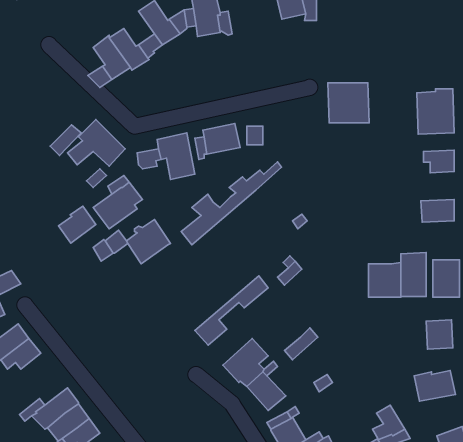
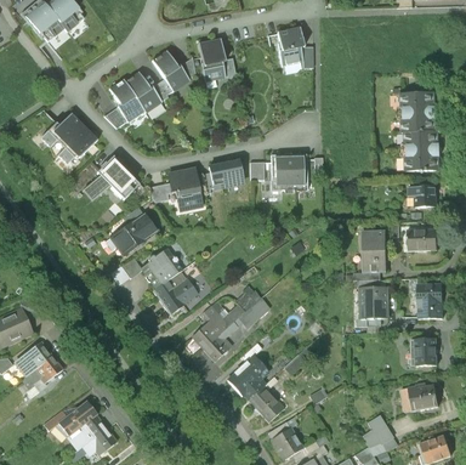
building: none -> [400,91,436,131]
building: none -> [40,114,97,164]
building: [328,83,369,123] -> [269,152,307,188]
building: [181,162,281,245] -> [192,272,283,347]
building: [59,206,96,243] -> none
building: none -> [150,270,195,312]
building: [401,252,426,297] -> [363,229,386,270]

